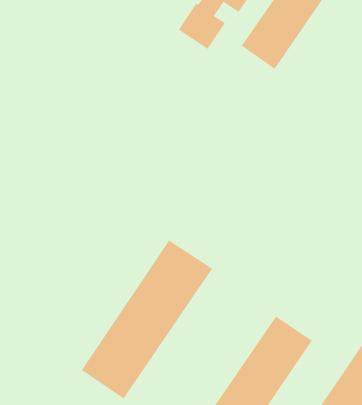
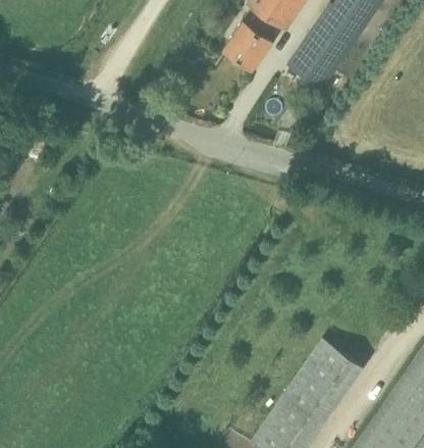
building: [81,240,213,400] -> none

